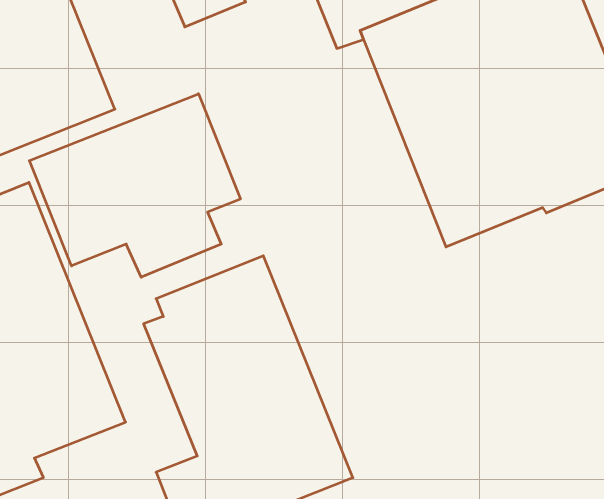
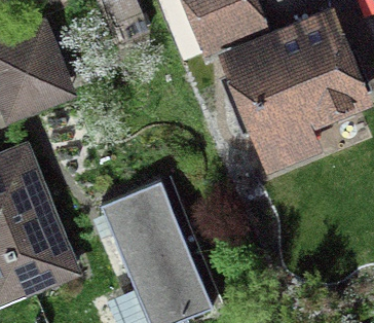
building: [29,94,240,277] -> none

